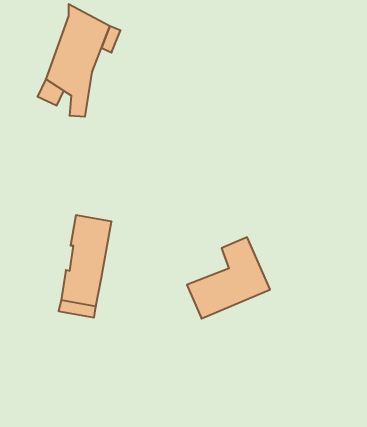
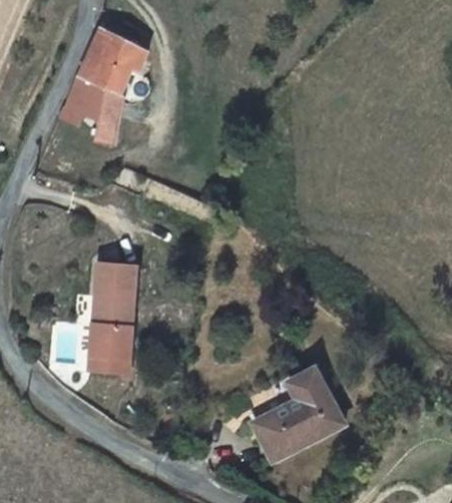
building: [187,237,270,319] -> [263,371,354,460]

